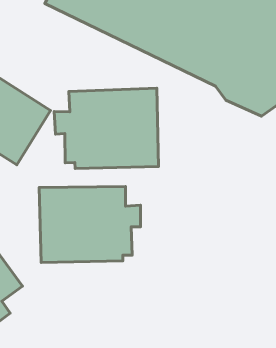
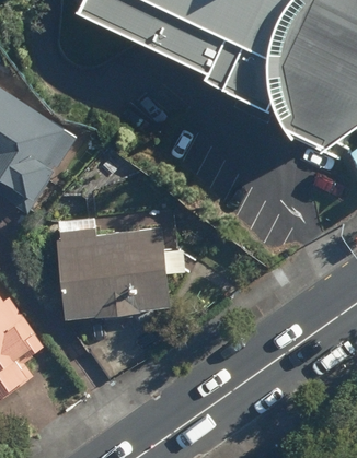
building: [54,88,159,168] -> none

